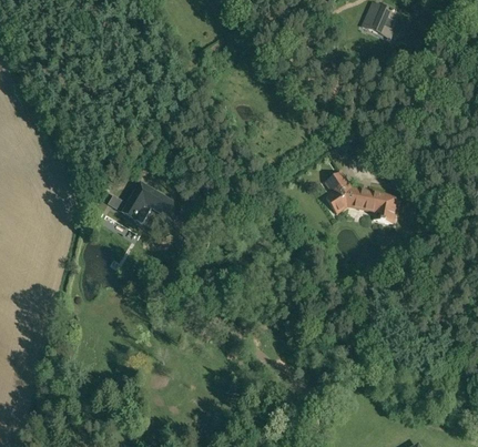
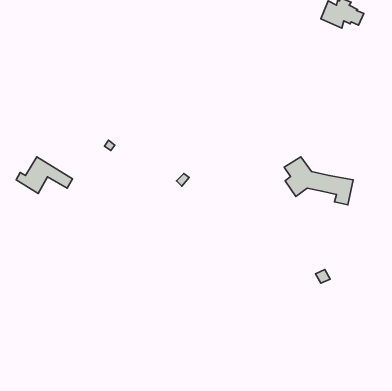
building: [118,185,177,224] -> [16,157,73,193]

